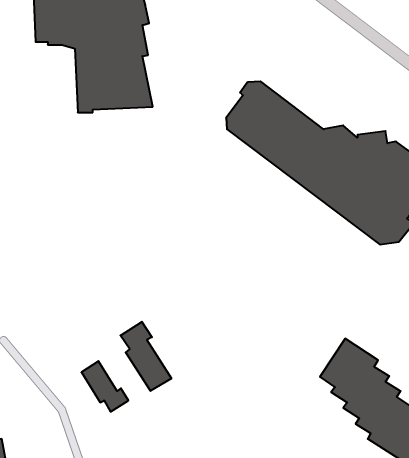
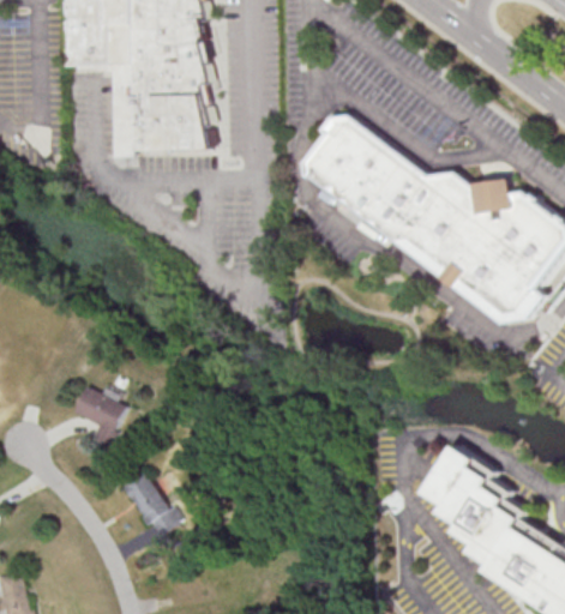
building: none -> [73,389,126,447]
building: [120,322,171,391] -> none

